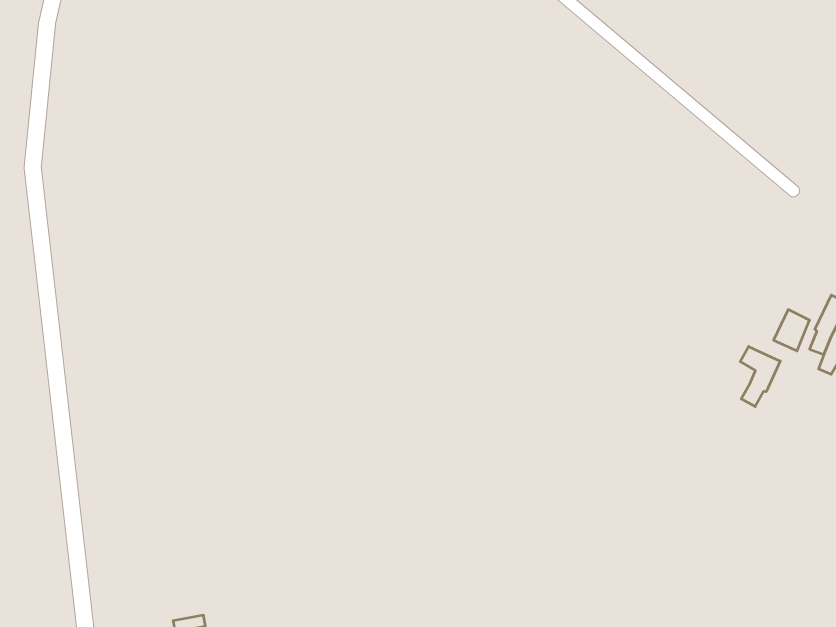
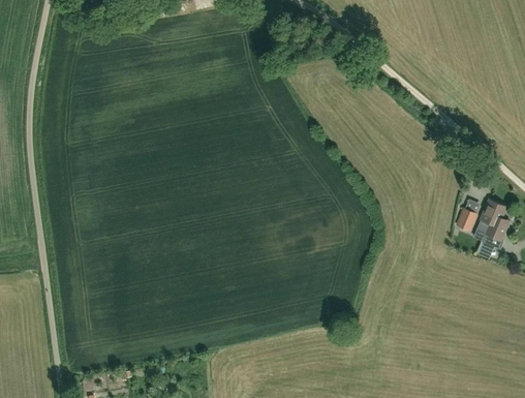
building: [740,346,780,407] -> none

